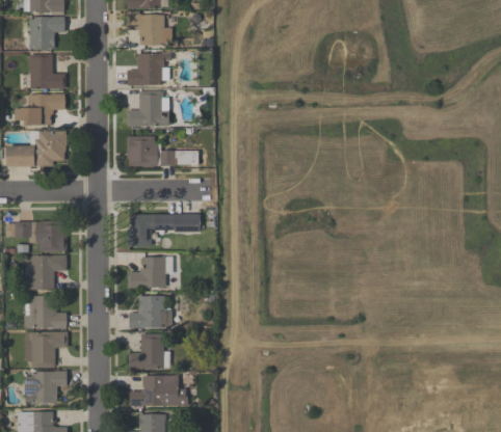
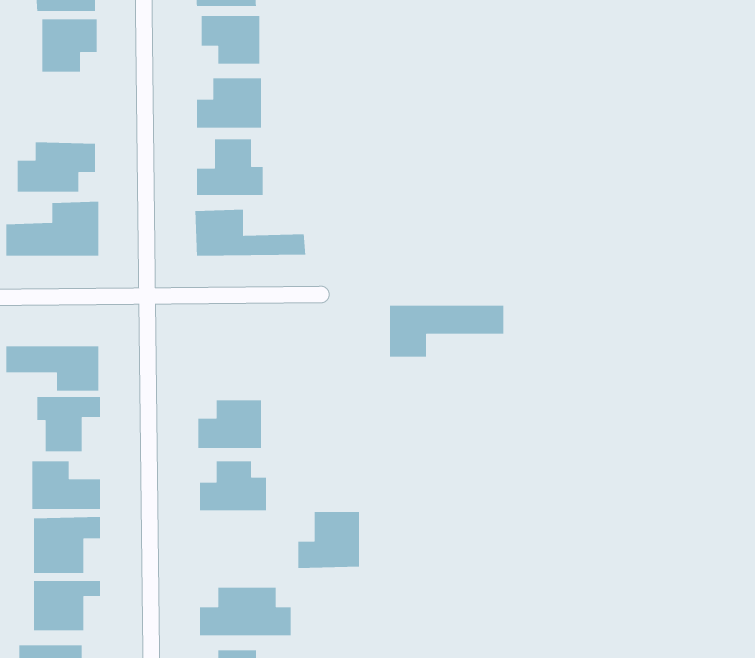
building: [19,54,64,89] -> none
building: [128,214,201,247] -> [389,305,504,357]
building: [129,333,168,370] -> [297,511,360,569]

